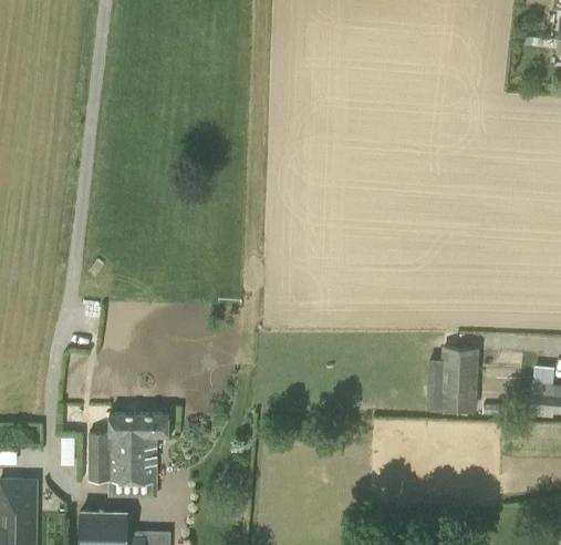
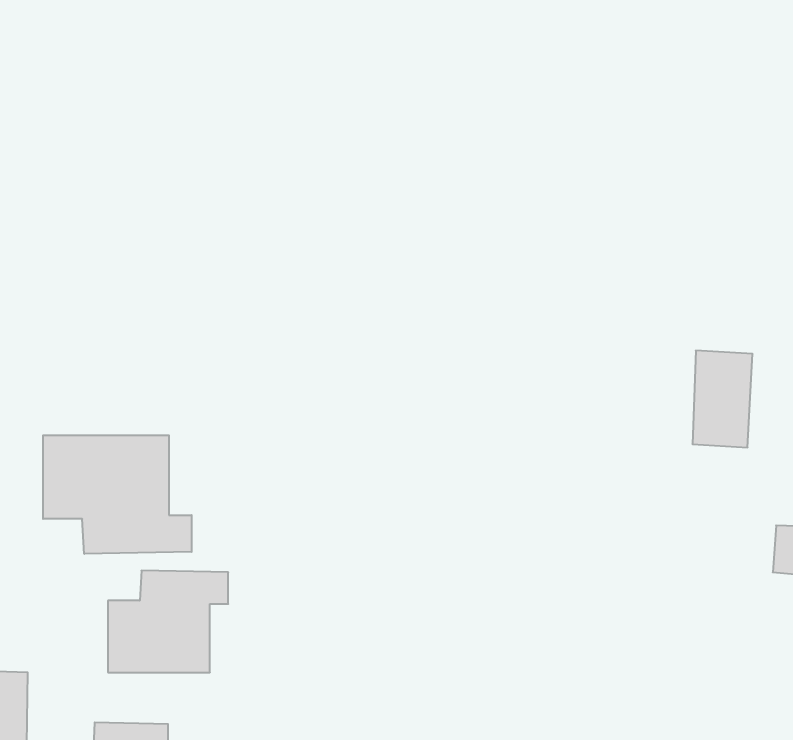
building: none -> [43,435,192,554]
building: [439,347,479,411] -> [692,351,753,447]

